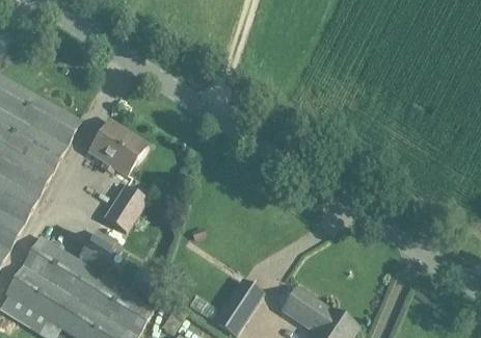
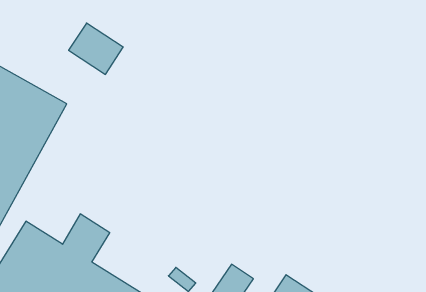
building: [89,122,143,173] -> [69,23,123,74]
building: [104,184,149,233] -> none

